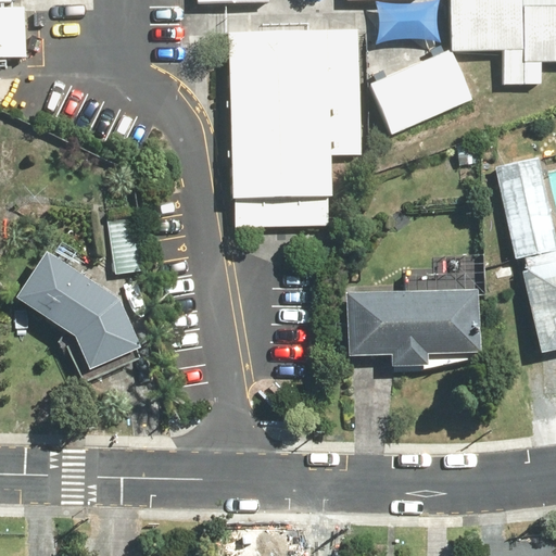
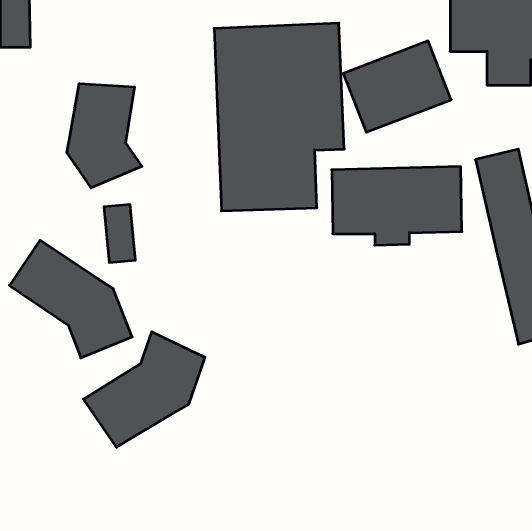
building: none -> [67,84,142,188]
building: [349,287,483,368] -> [332,167,462,245]
building: none -> [83,332,205,447]

